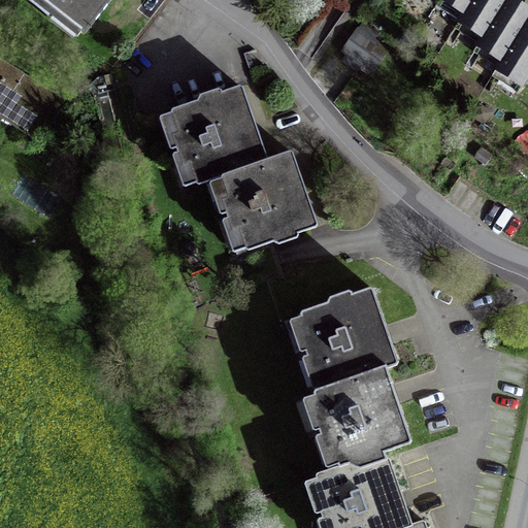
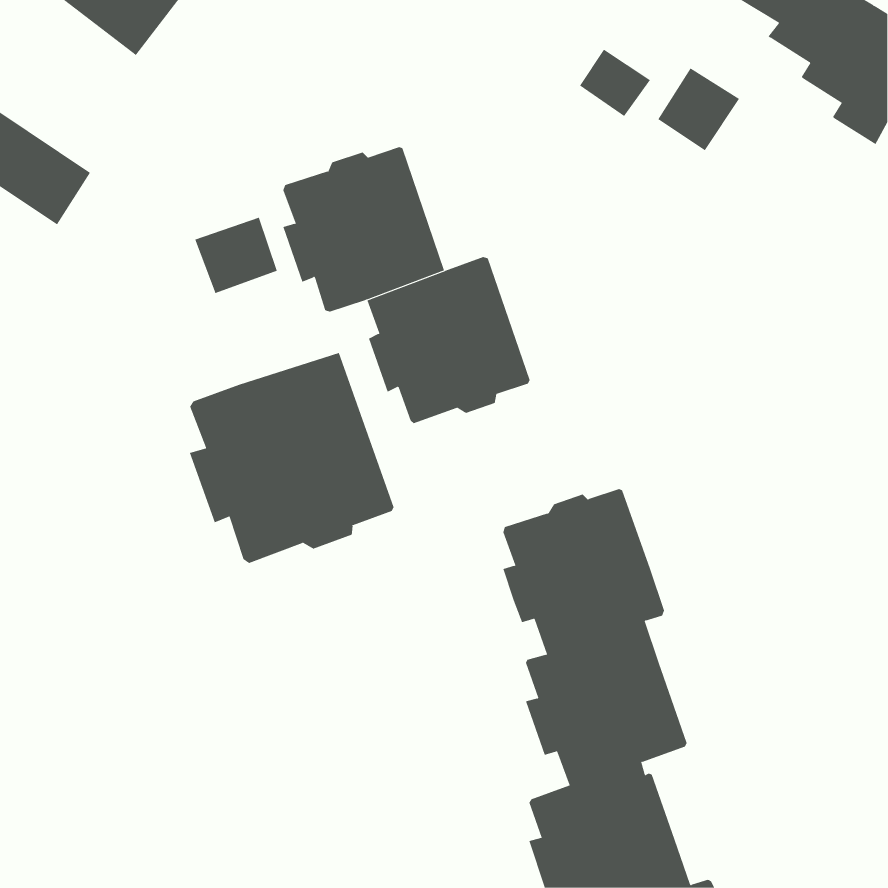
building: none -> [657,67,740,151]
building: none -> [194,217,278,294]
building: none -> [189,352,394,564]

